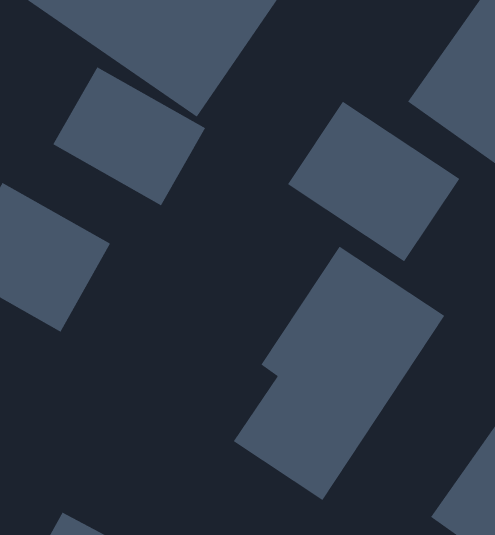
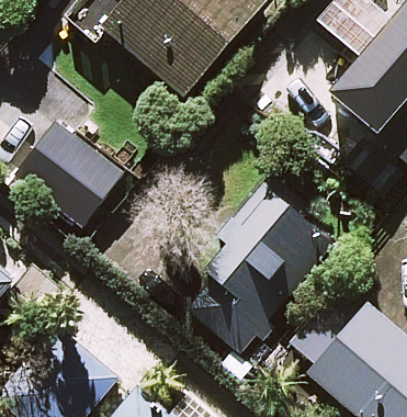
building: [52,66,206,206] -> none
building: [287,101,460,262] -> none

